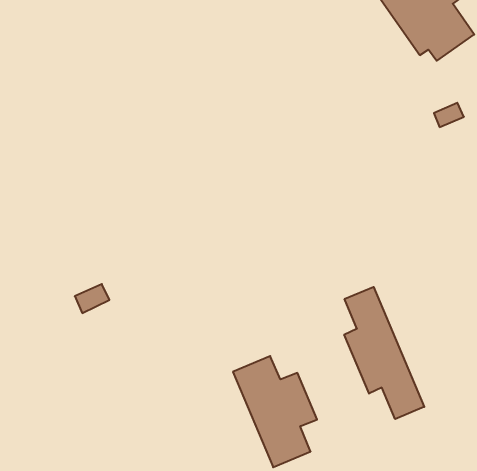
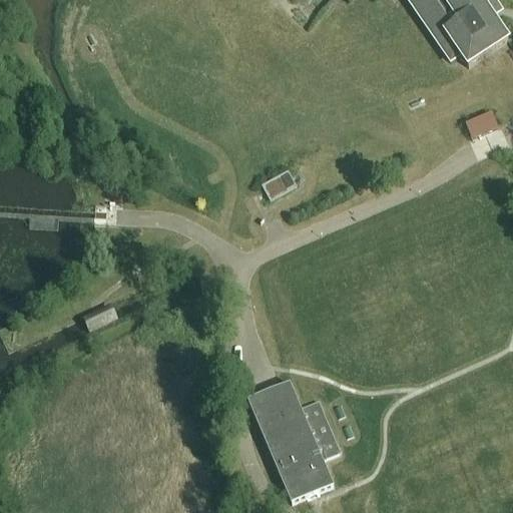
building: none -> [261,168,295,197]
building: [344,287,424,419] -> none

